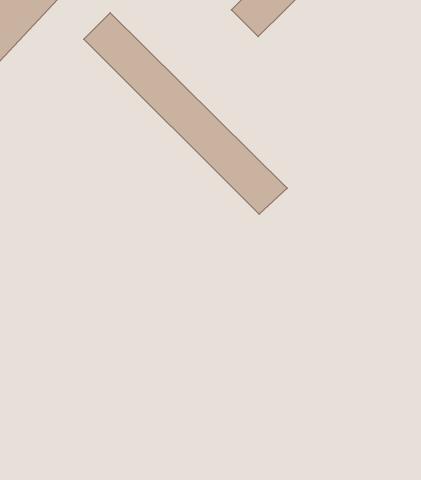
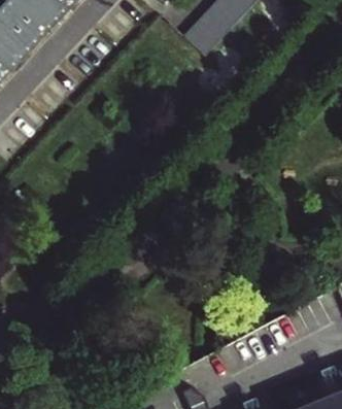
building: [84,13,287,214] -> none

